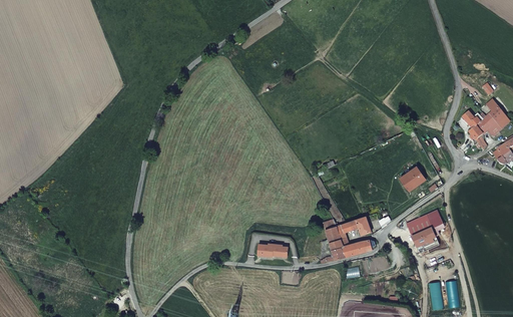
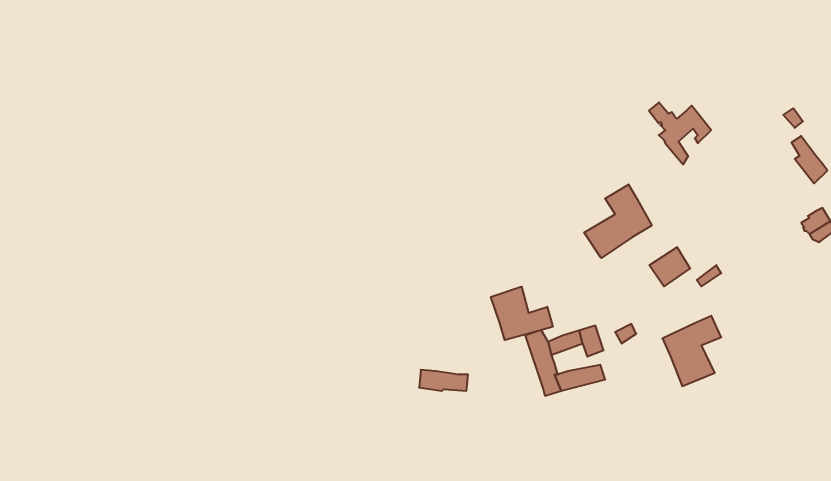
building: [462,111,500,149] -> [649,102,711,164]
building: none -> [584,184,652,258]
building: none -> [491,287,553,340]

